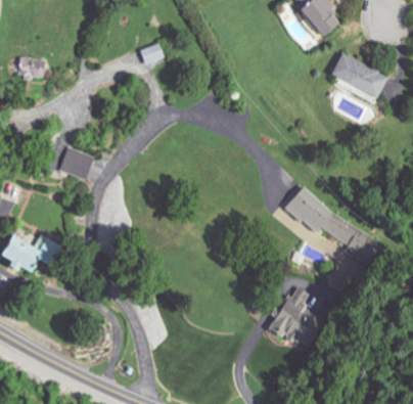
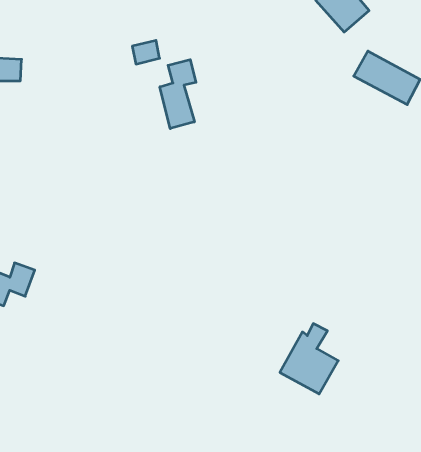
building: none -> [160,60,196,129]
building: [59,146,93,179] -> none
building: [285,189,378,256] -> none

